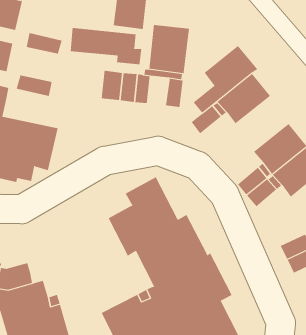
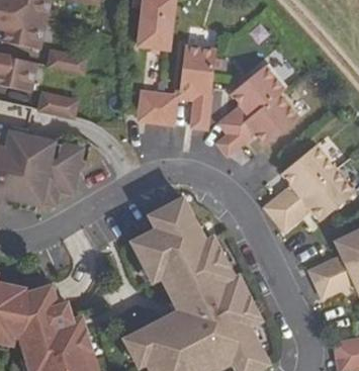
building: [70,27,142,65] -> none

